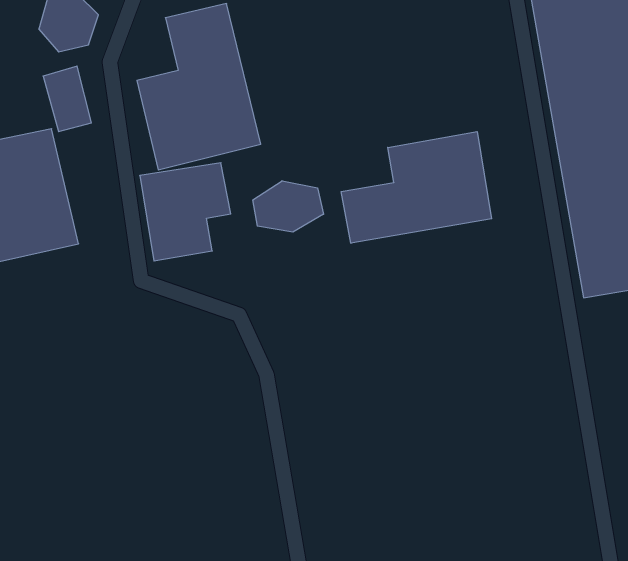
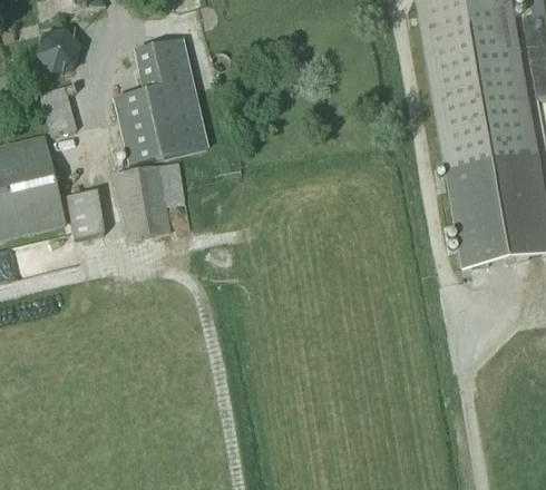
building: [341,132,492,243] -> none
building: [253,181,324,232] -> none
building: none -> [67,187,105,236]

